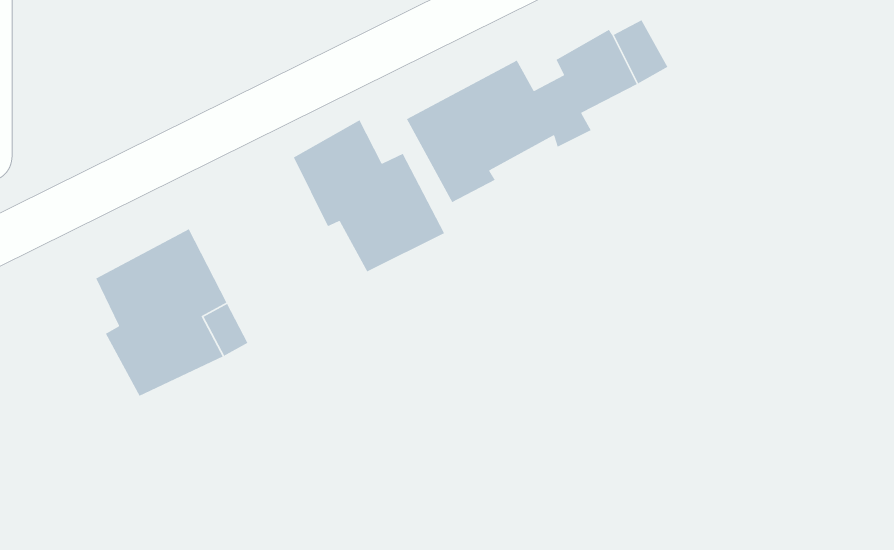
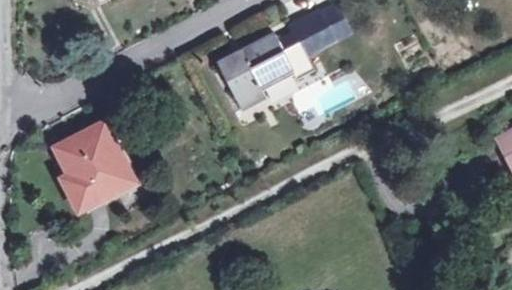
building: [293,119,445,272] -> none

